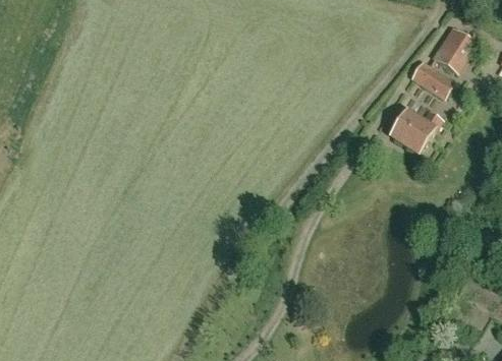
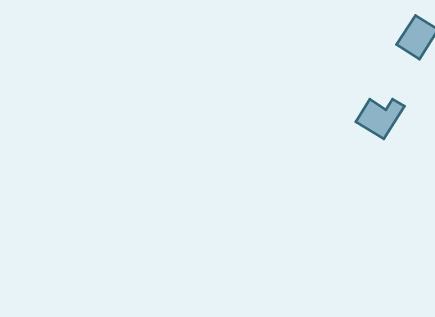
building: [413,61,456,98] -> none

